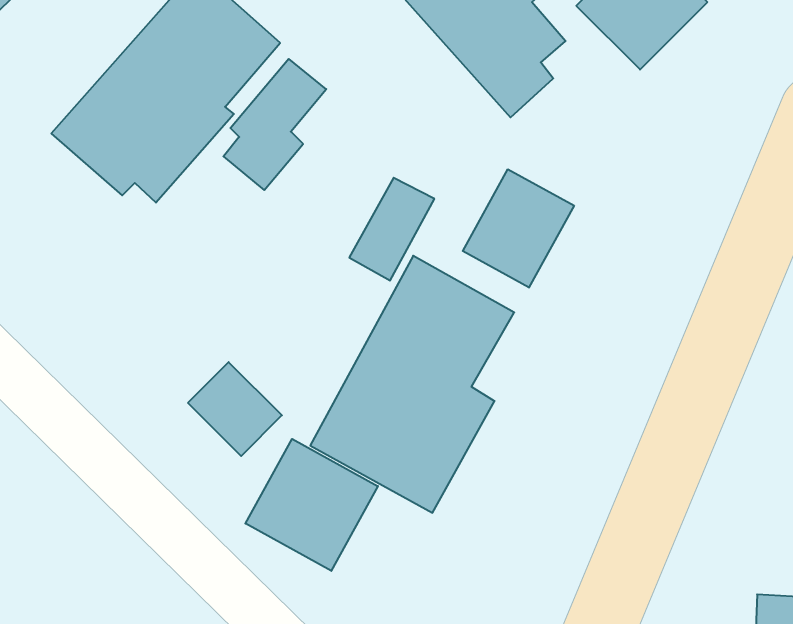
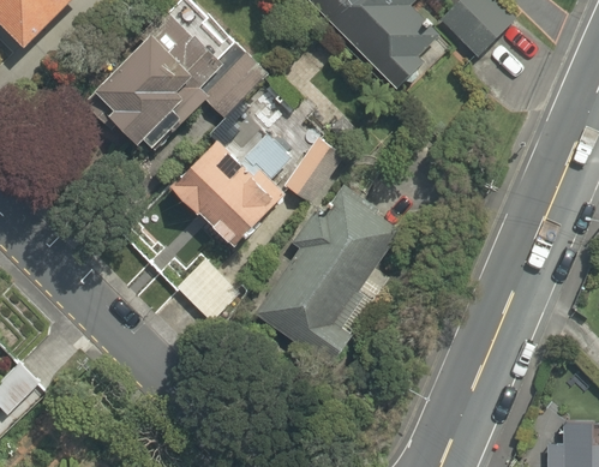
building: none -> [166,120,293,247]
building: [463,169,574,288] -> none
building: [245,439,378,571] -> none

